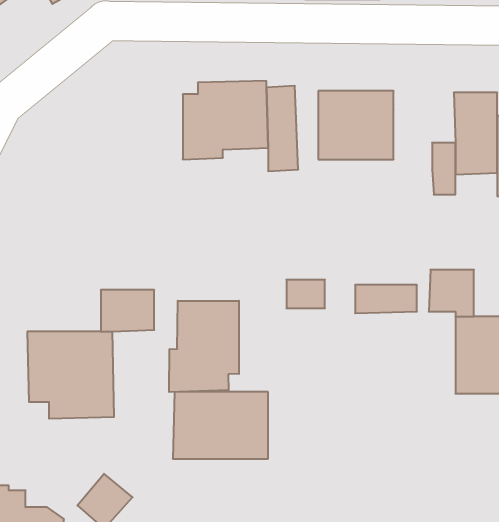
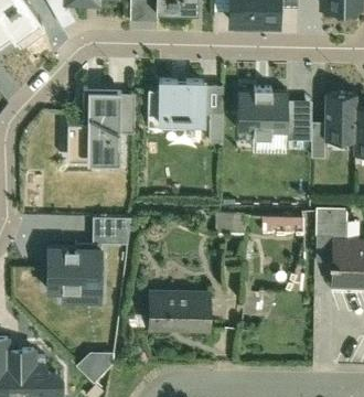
building: none -> [67,93,133,169]
building: none -> [287,101,312,141]
building: [169,301,239,392] -> none

